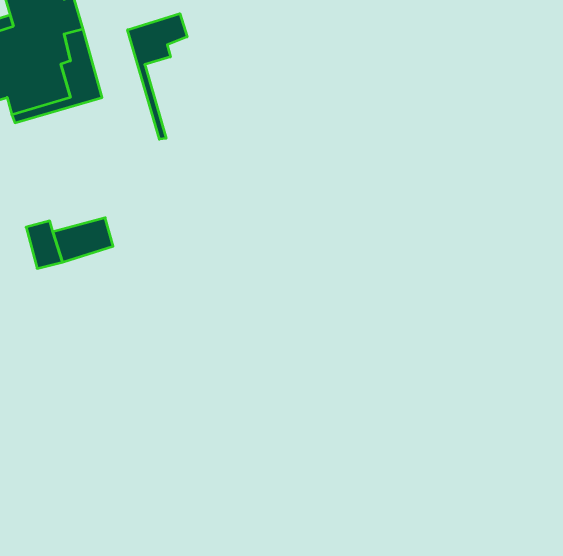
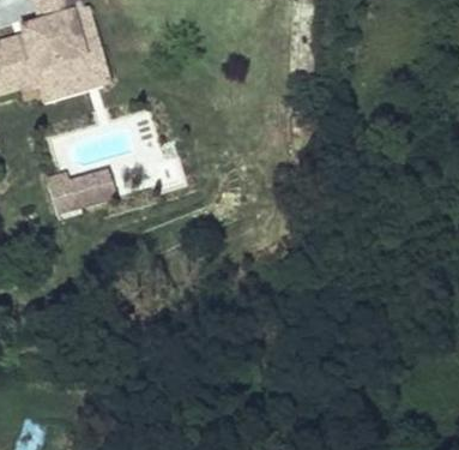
building: [128,14,187,139] -> none

